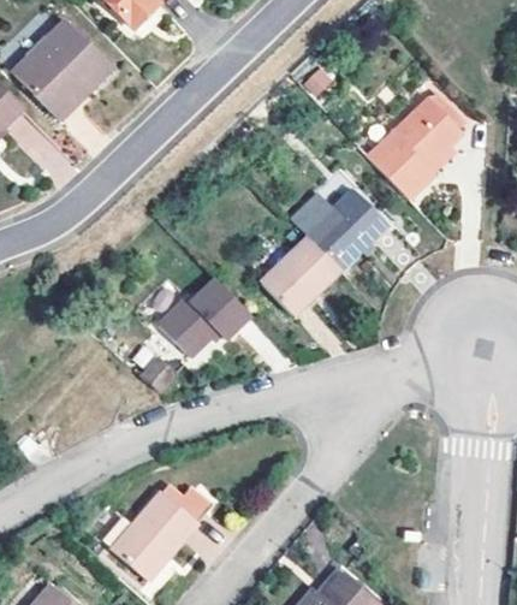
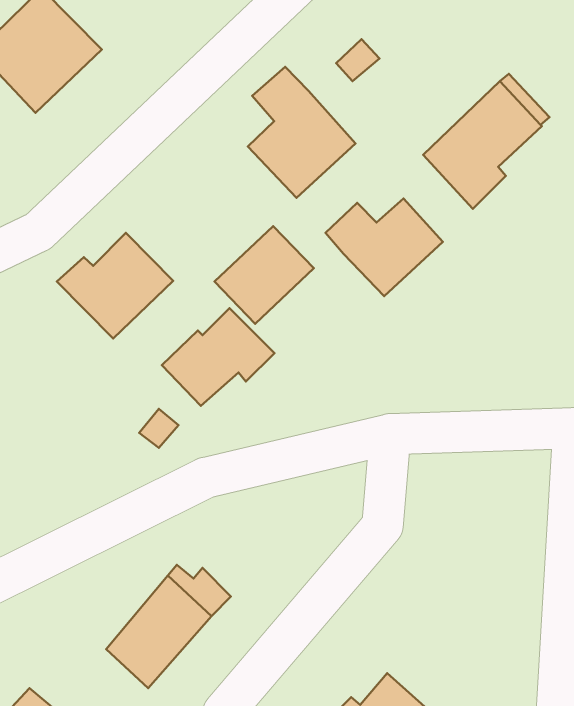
building: none -> [248,67,355,198]
building: none -> [57,233,173,338]
building: [258,235,338,313] -> [215,226,314,324]

